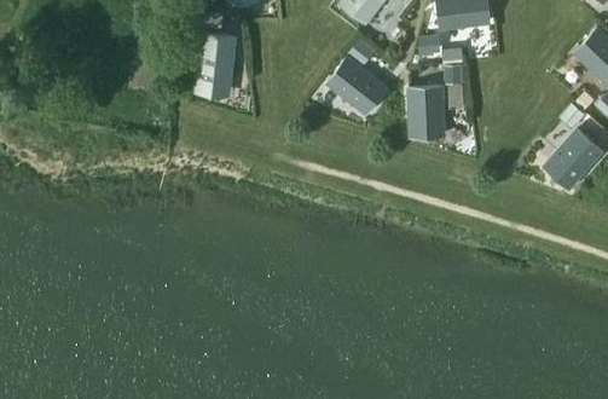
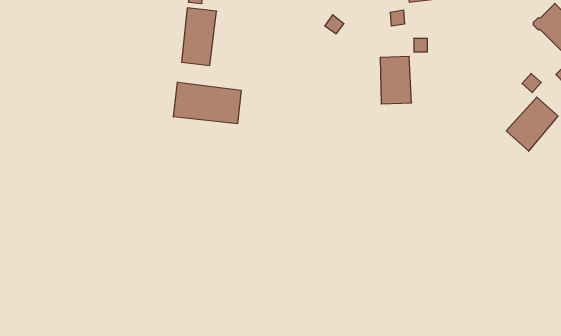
building: [326,58,386,114] -> none
building: none -> [173,82,241,124]

